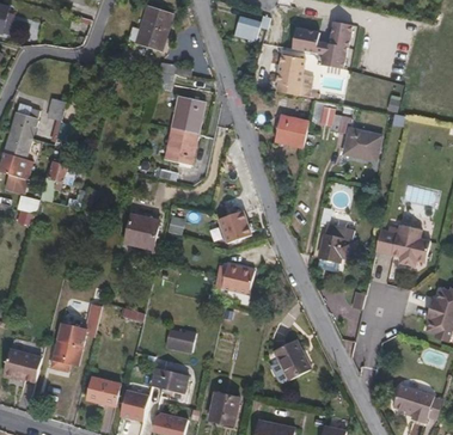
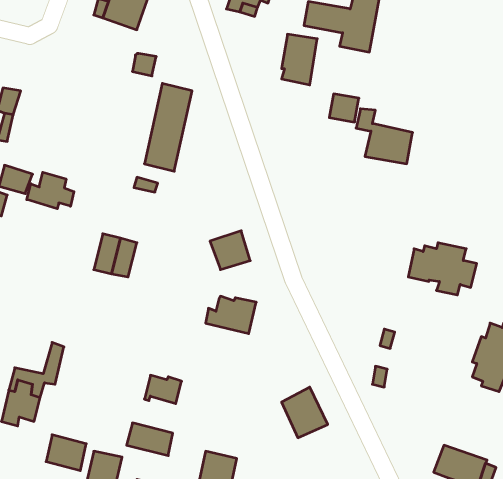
building: [275,116,308,146] -> none
building: none -> [27,172,74,209]
building: [318,226,353,263] -> none

